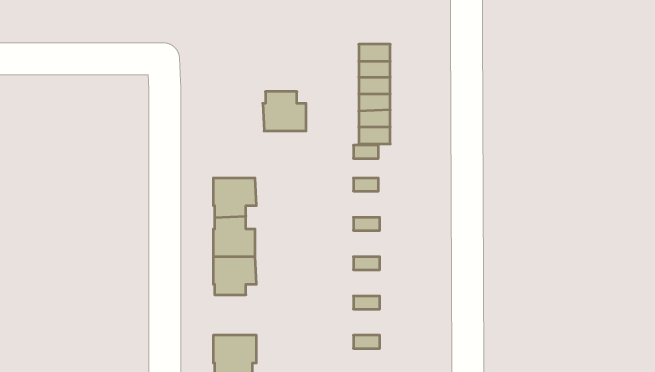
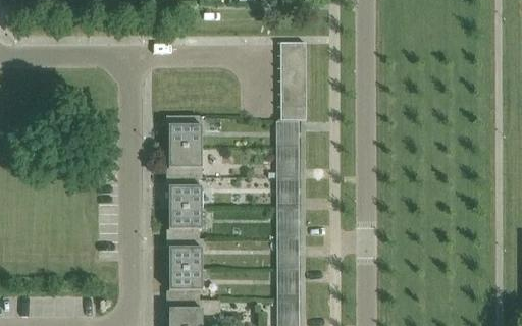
building: [263,92,306,131] -> [167,118,201,149]
building: none -> [168,239,202,271]

